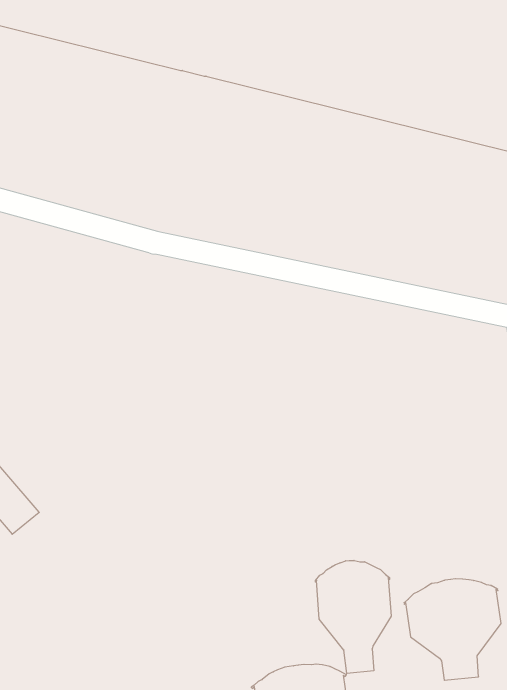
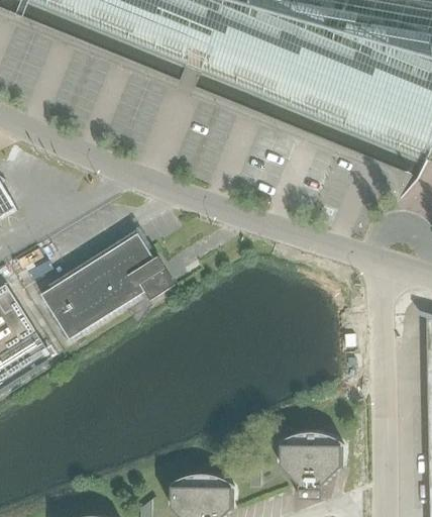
building: none -> [41,232,171,337]
building: [315,560,391,674] -> none

